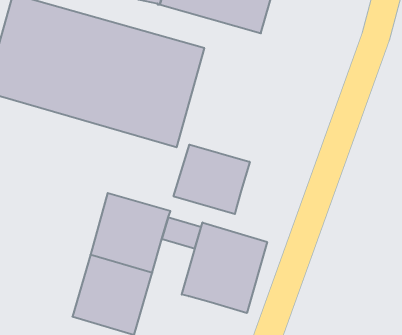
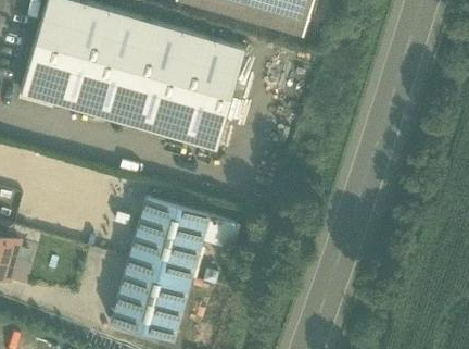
building: [174,145,250,214] -> none
building: [182,222,267,313] -> none

